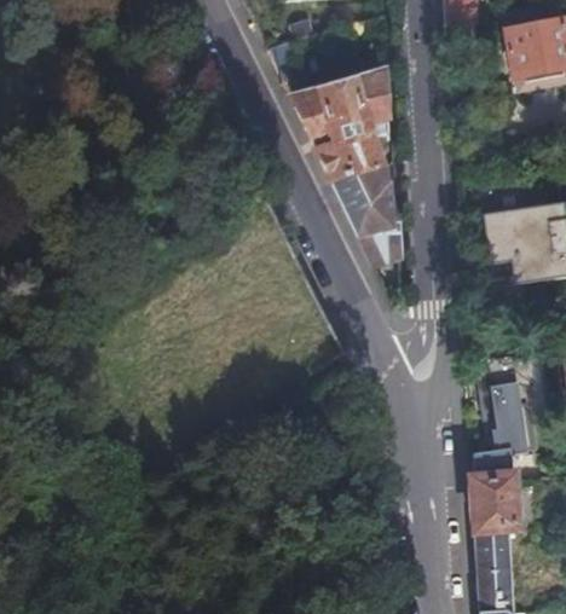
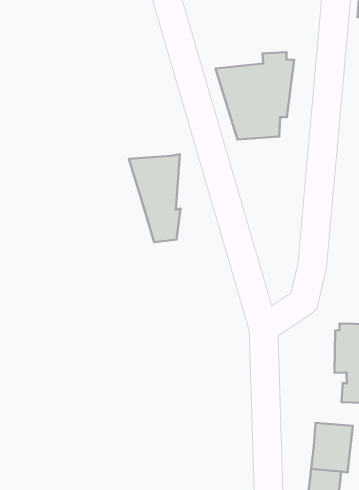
building: [333,163,400,266] -> [129,154,180,242]

